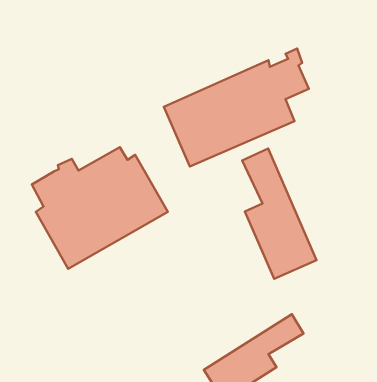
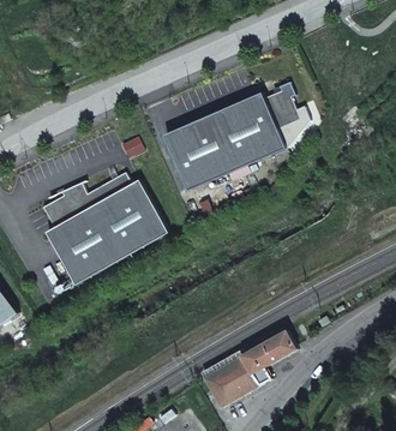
building: [242,149,317,279] -> none

